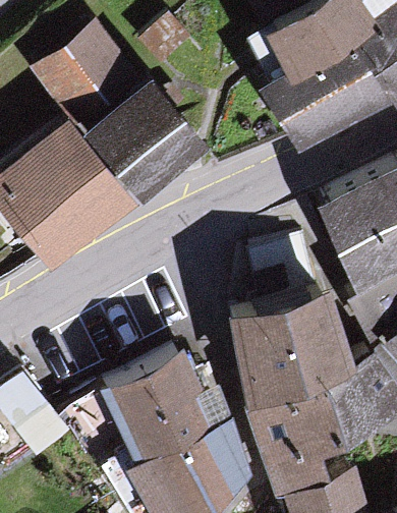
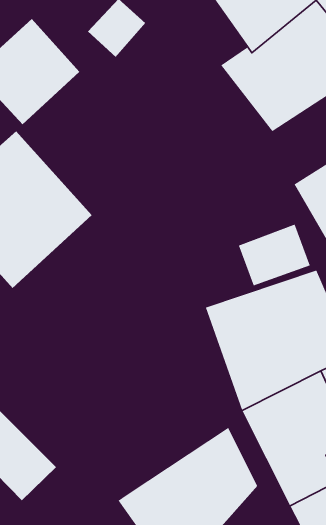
building: [89,80,203,195] -> none
building: [99,345,232,465] -> none

